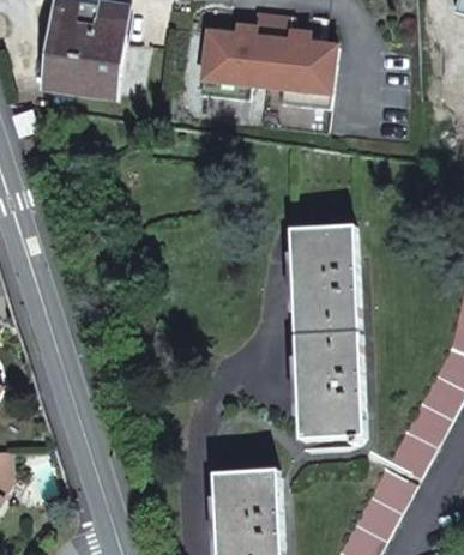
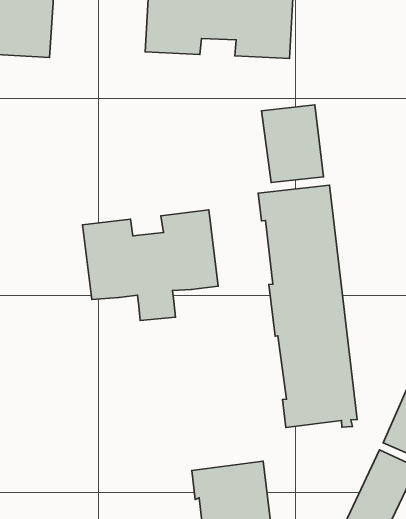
building: none -> [262,105,323,183]
building: none -> [82,210,218,320]

